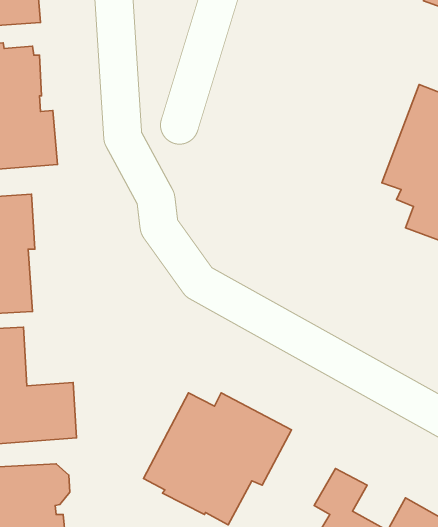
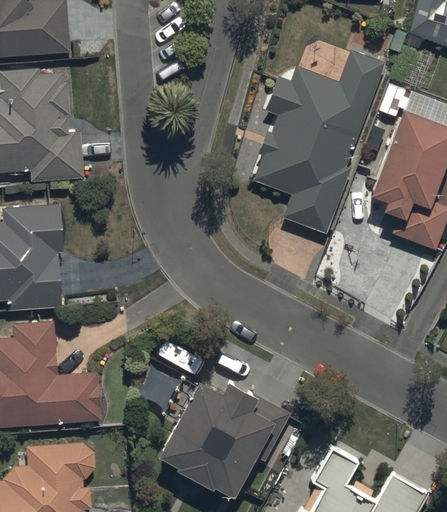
building: none -> [253,48,385,232]

